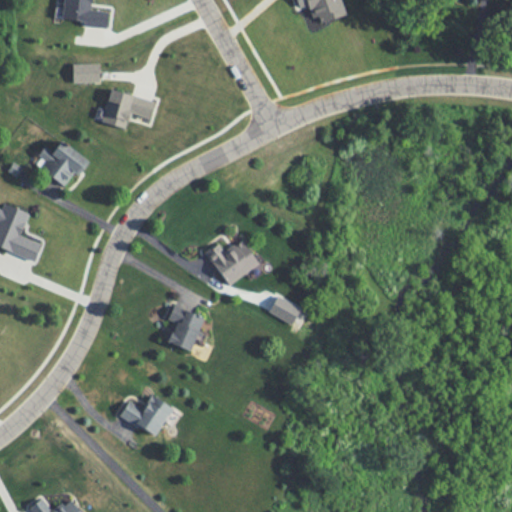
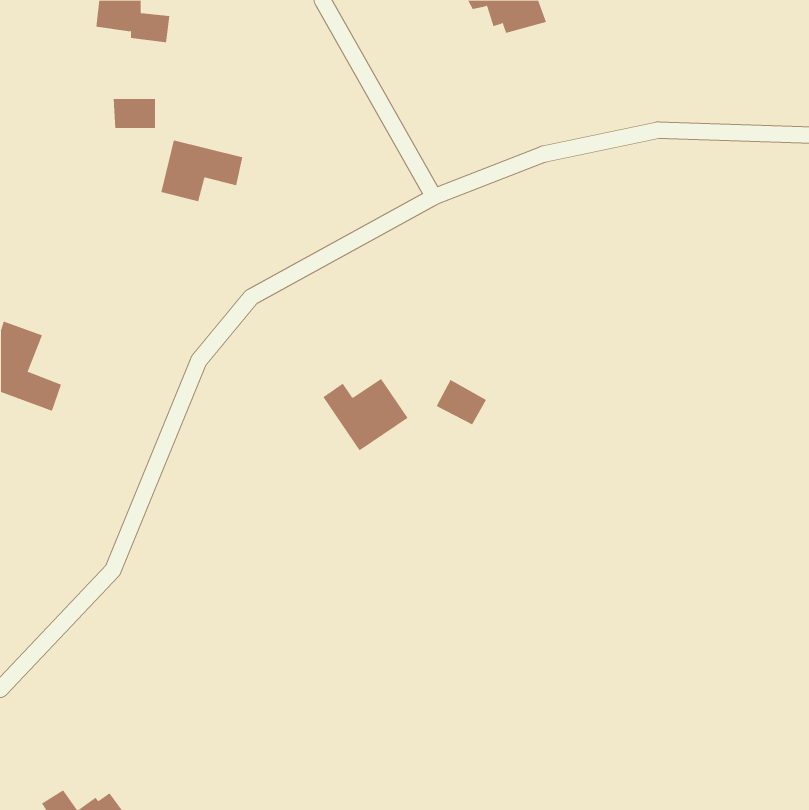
building: [39,141,90,185] -> none
building: [268,295,300,324] -> [436,379,487,425]
building: [167,305,204,351] -> none
building: [120,394,172,436] -> none

